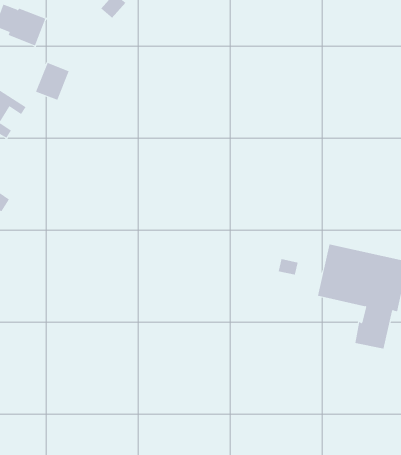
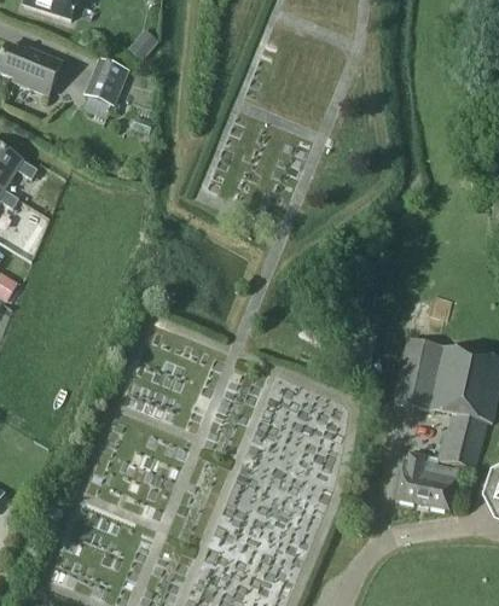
building: [35,62,70,101] -> [86,57,128,104]
building: none -> [394,450,457,508]

